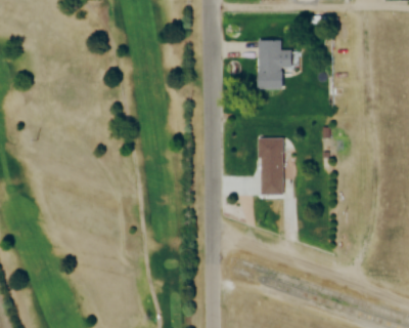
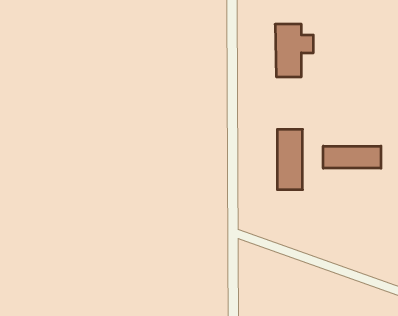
building: none -> [323,146,381,168]

